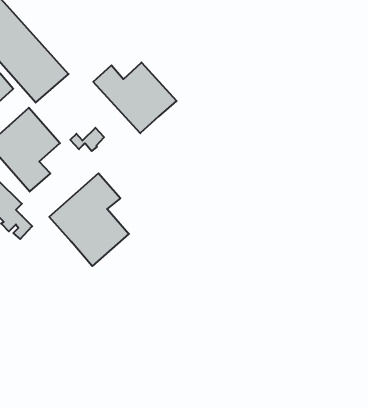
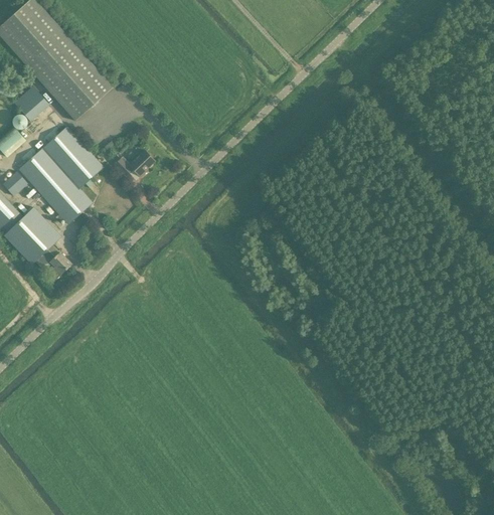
building: [93,62,177,133] -> none
building: [49,173,129,266] -> none

